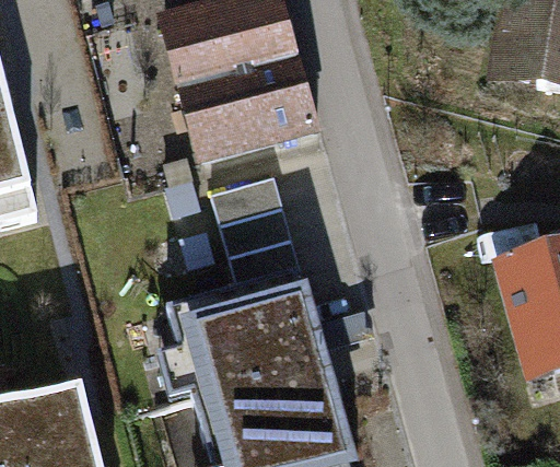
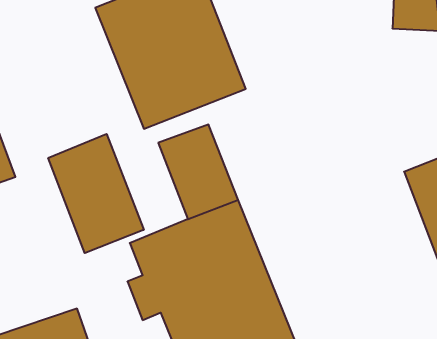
building: none -> [48,134,144,253]

